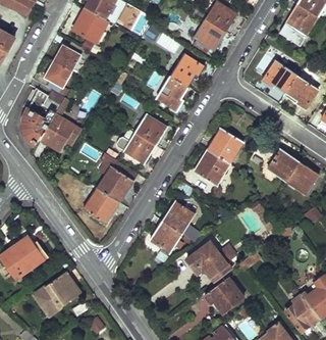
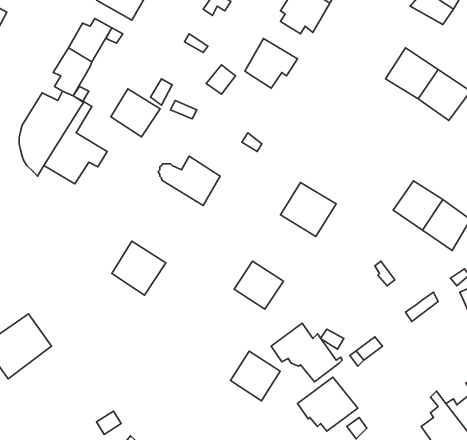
building: [156,77,187,112] -> none
building: [133,114,166,146] -> [111,89,160,137]
building: [207,129,244,164] -> none
building: [96,160,137,203] -> none
building: [151,221,183,253] -> [231,351,280,401]
building: [35,272,79,314] -> none

